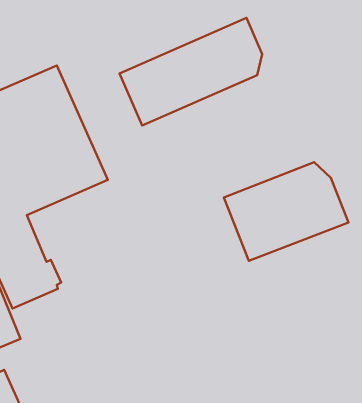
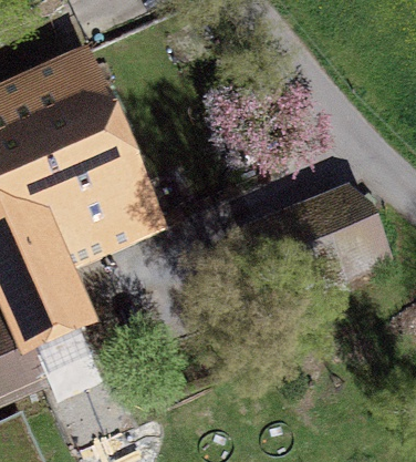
building: [120,18,262,125] -> none

